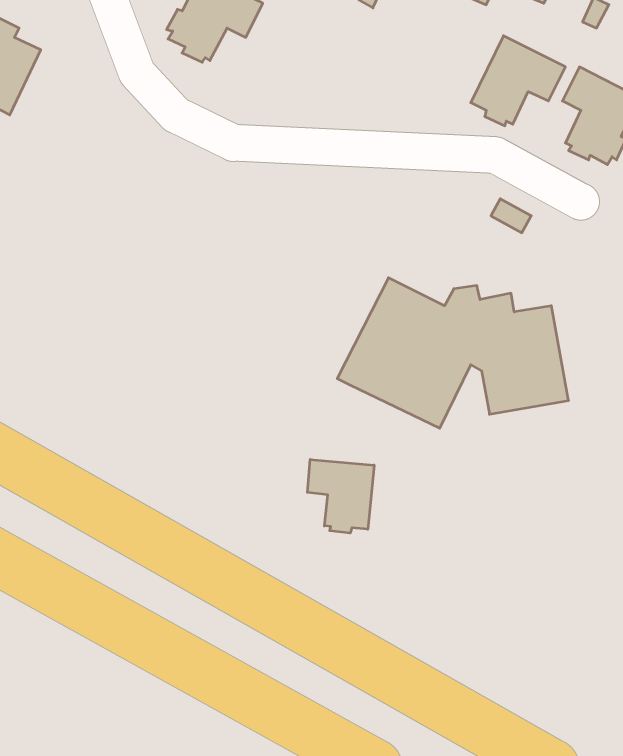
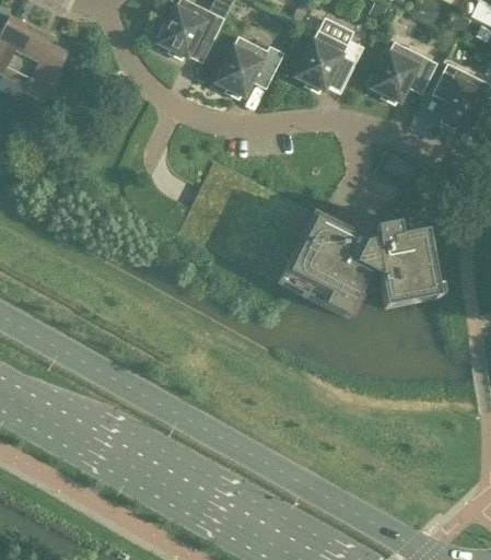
building: none -> [294,31,364,94]
building: none -> [214,36,283,100]
building: [307,459,374,533] -> none

